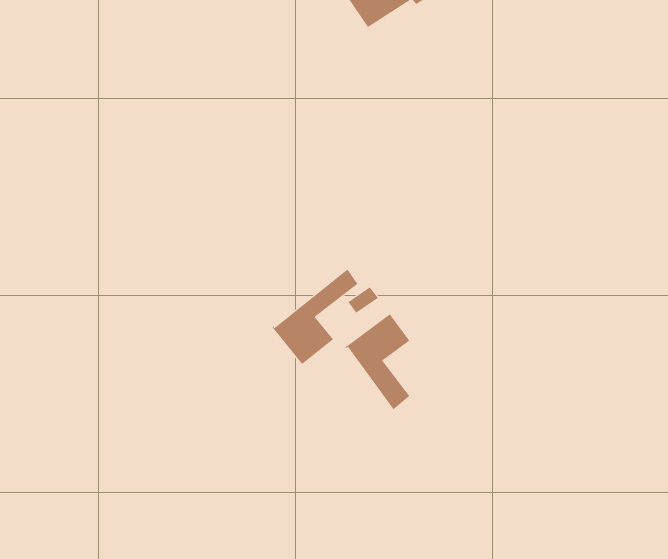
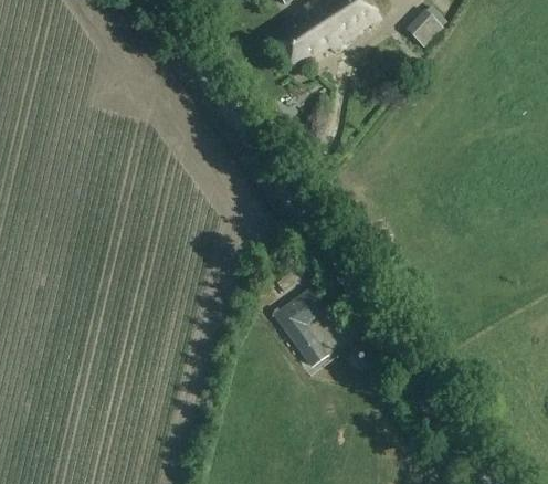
building: [272,268,358,365] -> none

